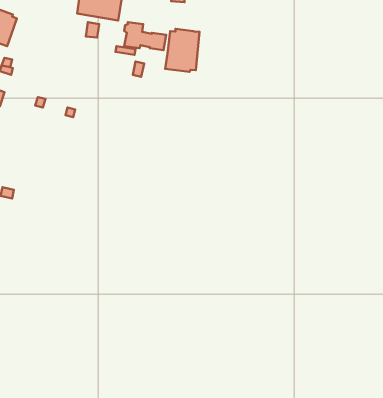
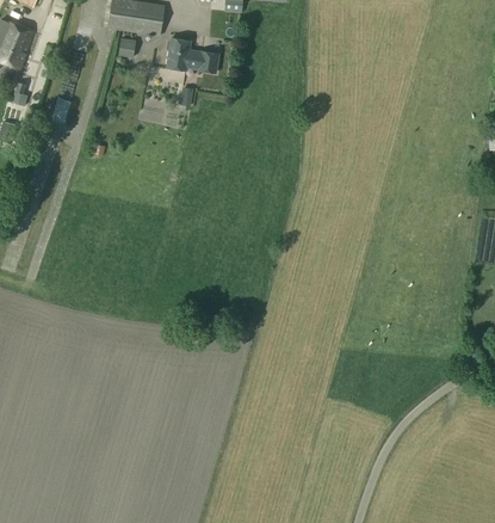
building: [165,29,200,72] -> none

